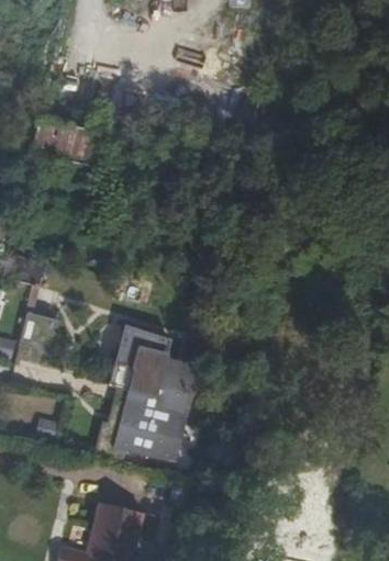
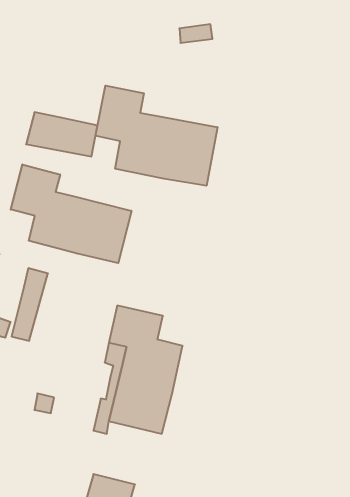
building: none -> [96,86,217,186]
building: none -> [11,164,131,263]

